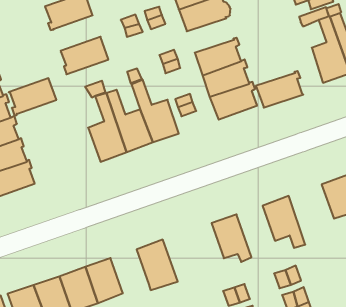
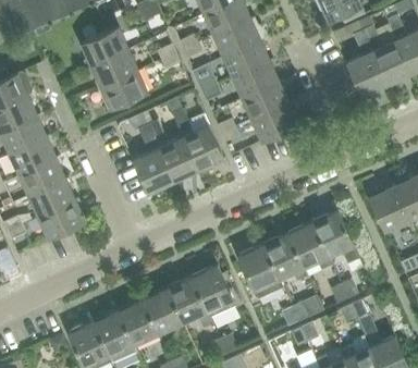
building: [256,71,303,108] -> [222,38,270,77]
building: [9,78,56,116] -> [89,49,137,89]
building: none -> [287,223,331,270]
building: none -> [238,245,279,291]
building: none -> [167,278,212,329]

